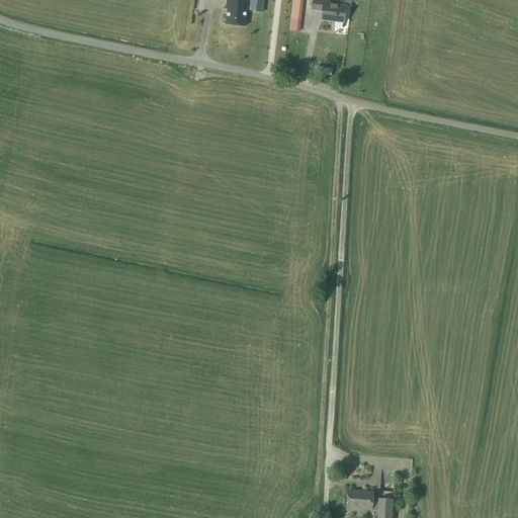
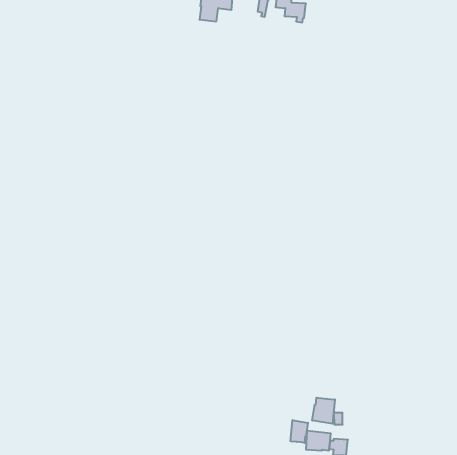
building: none -> [312,398,335,424]
building: none -> [291,420,308,443]

